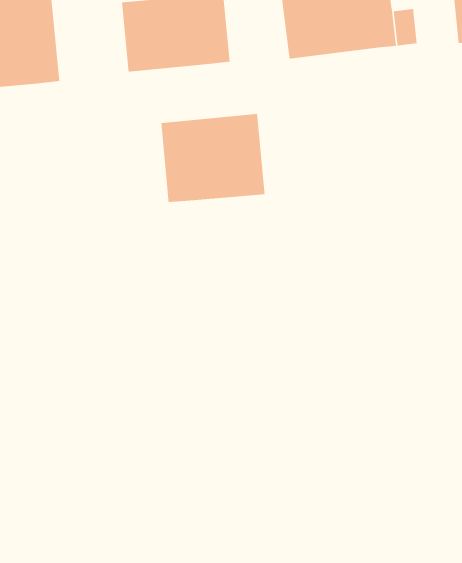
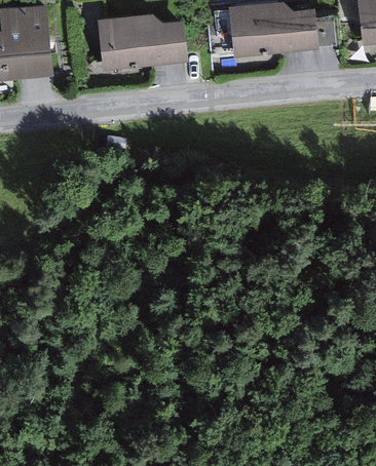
building: [161,113,265,203] -> none

